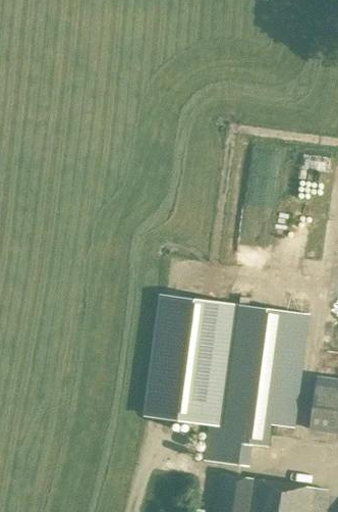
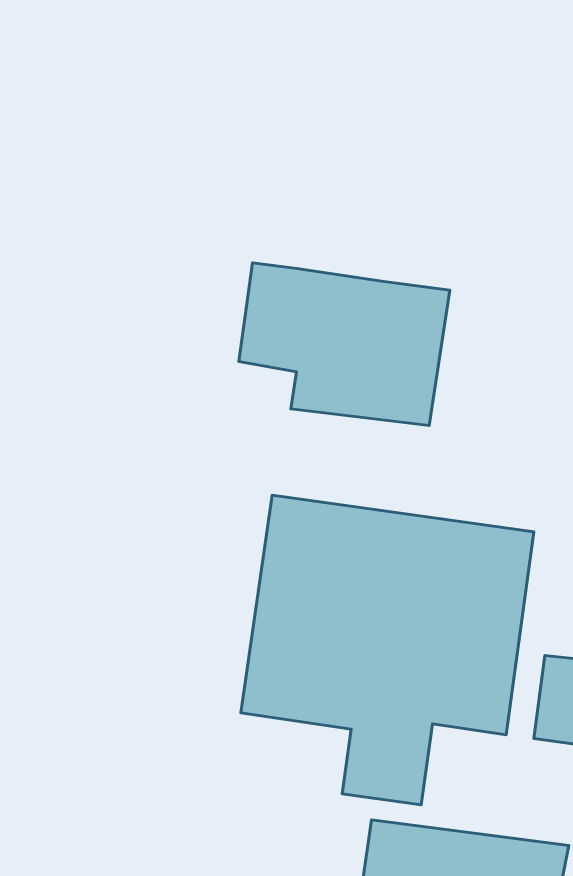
building: none -> [239,263,450,426]

